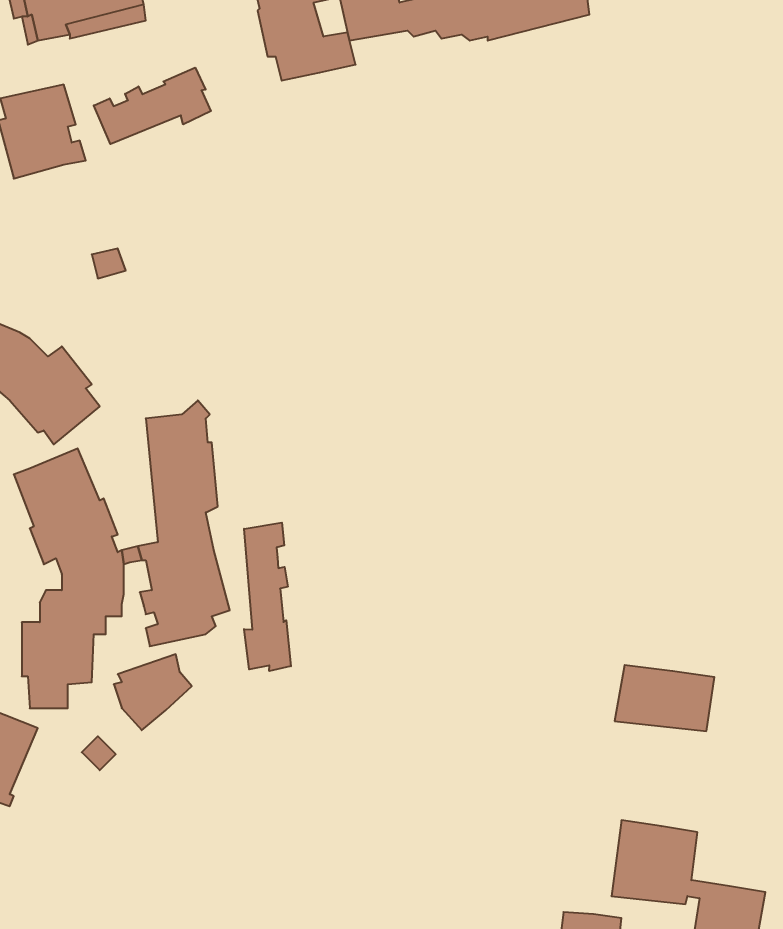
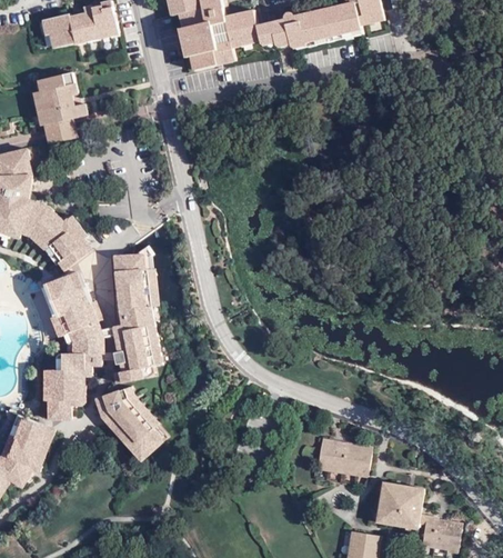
building: [94,68,211,144] -> none
building: none -> [42,114,76,143]
building: [244,523,291,671] -> none
building: [615,665,714,731] -> [314,438,370,475]
building: none -> [113,405,168,459]

